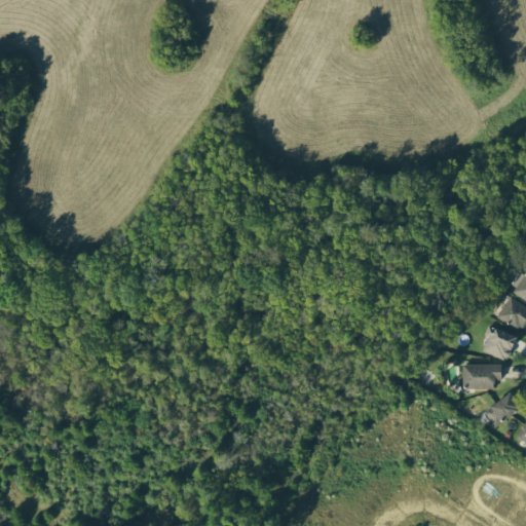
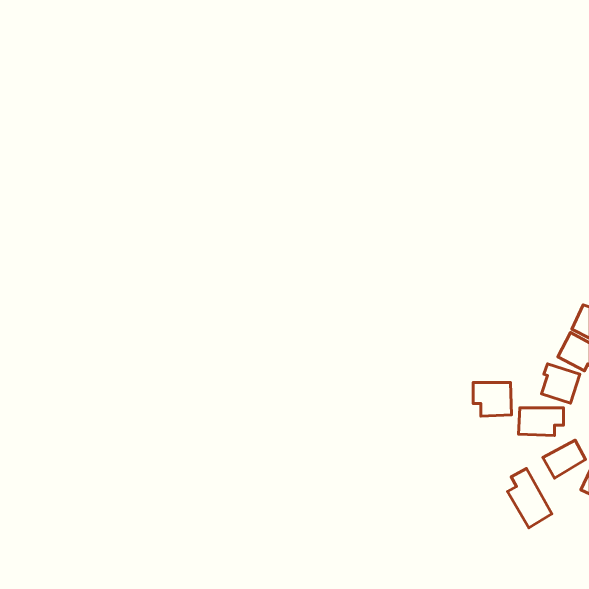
building: none -> [473,382,511,416]
building: none -> [507,468,552,528]

